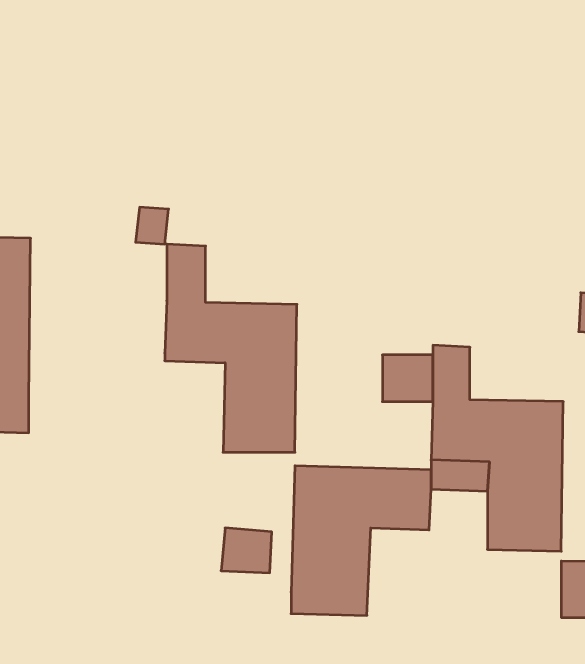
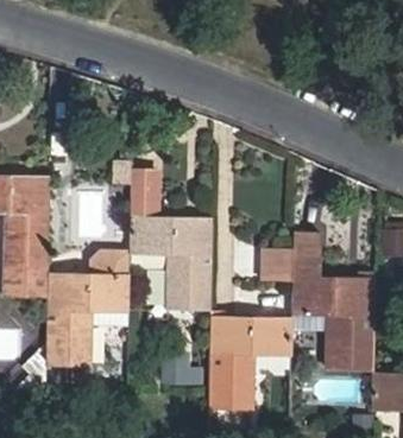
building: none -> [45,247,130,367]

